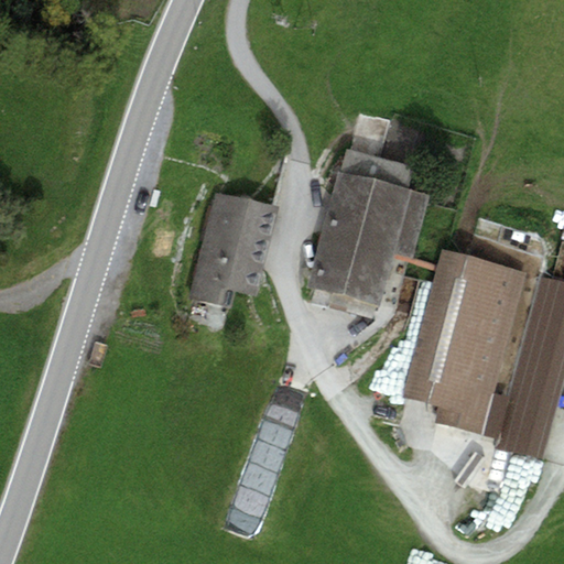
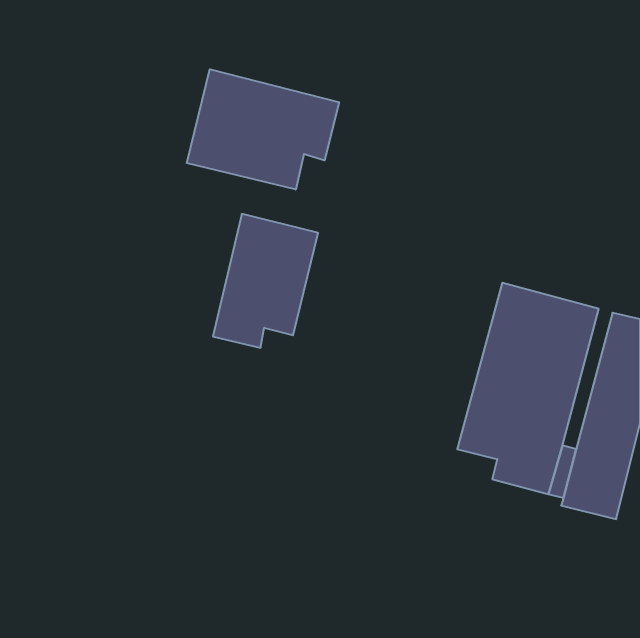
building: none -> [187,69,339,190]
building: [305,147,427,317] -> none

